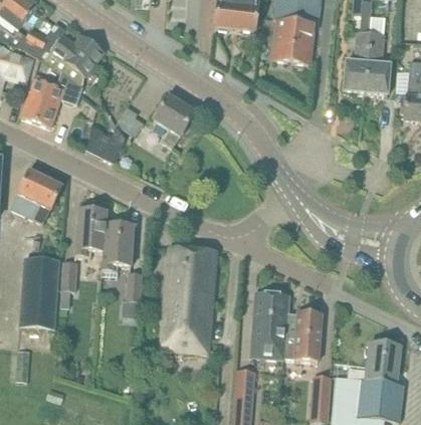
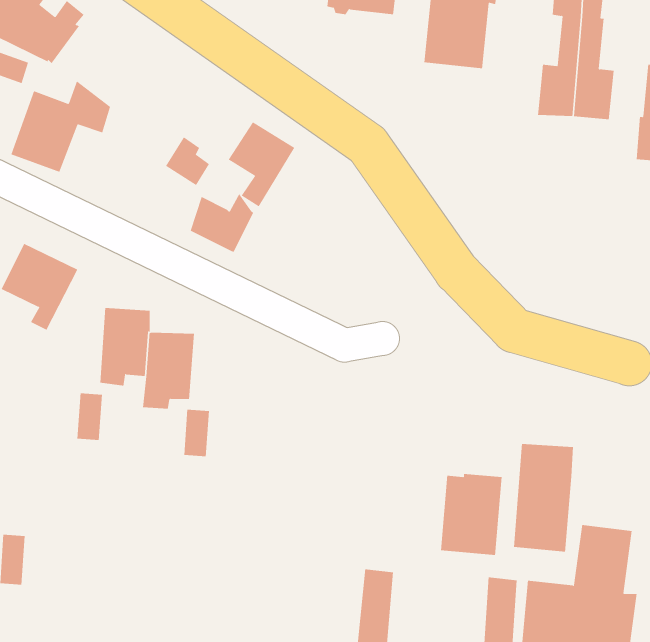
building: [46,35,102,85] -> none
building: [86,125,126,161] -> [190,193,254,252]
building: [162,245,216,351] -> none
building: [19,258,58,329] -> none
building: [251,290,288,357] -> [513,444,574,552]

